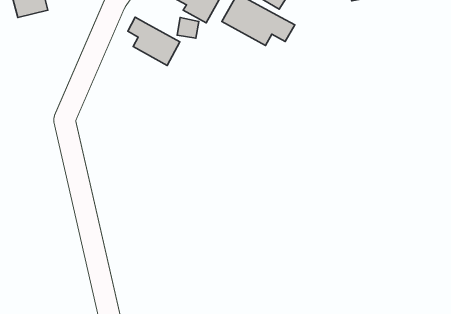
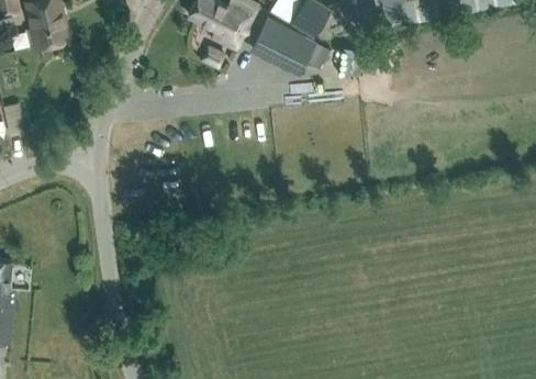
building: [128,17,180,65] -> none

